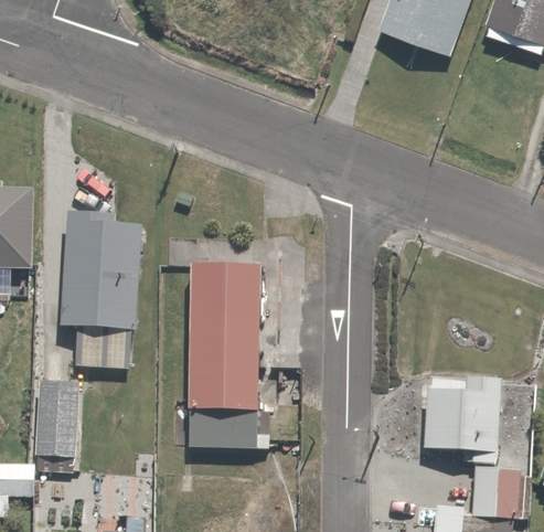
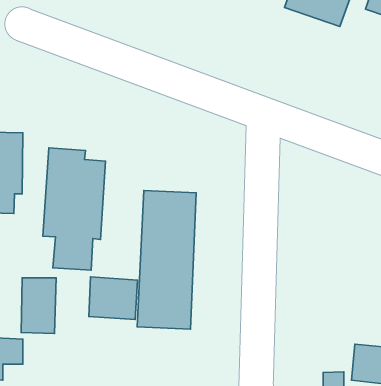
building: [424,376,500,454] -> none
building: none -> [89,277,138,320]

